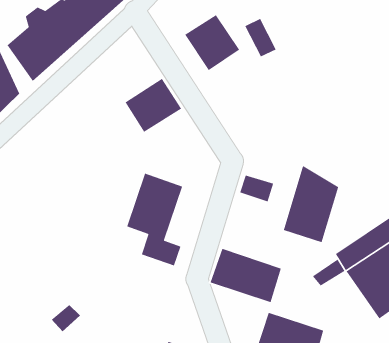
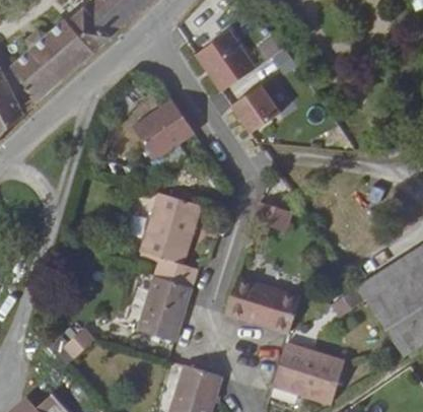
building: none -> [232,84,280,131]
building: [283,165,339,243] -> none
building: none -> [133,283,187,348]

